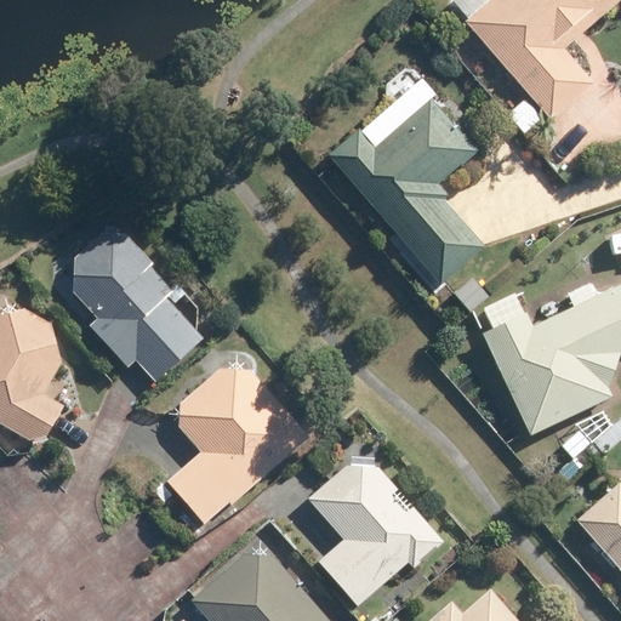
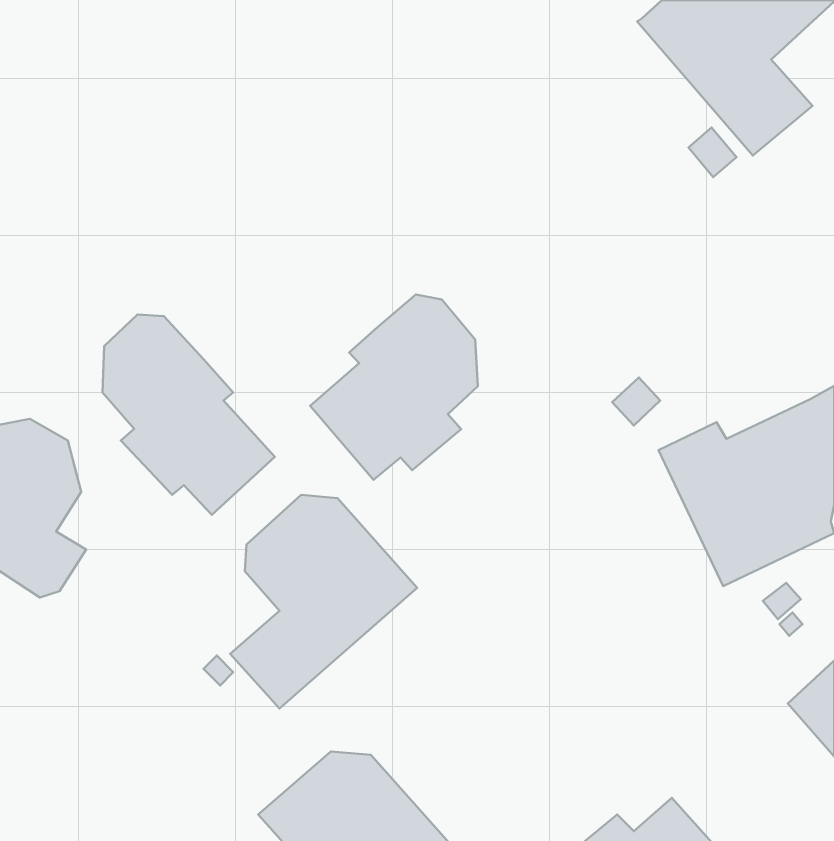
building: [329,97,483,283] -> none
building: none -> [310,294,478,480]
building: [309,463,443,602] -> none

